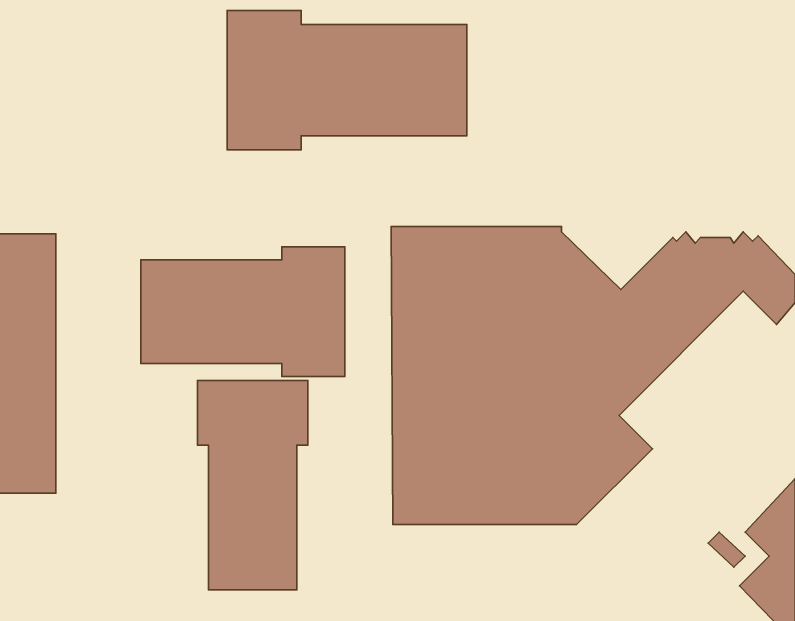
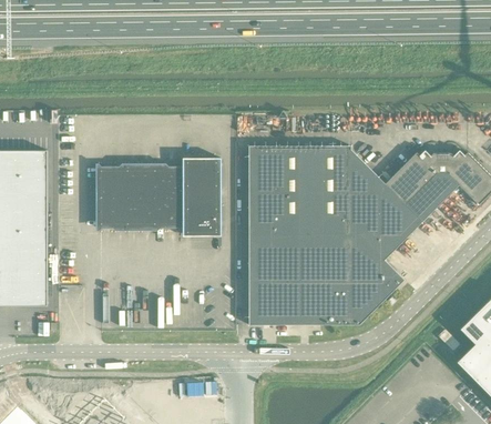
building: [227,10,467,150] -> none
building: [197,381,308,590] -> none

